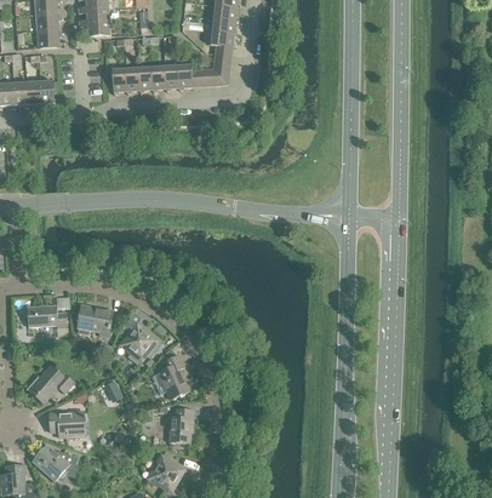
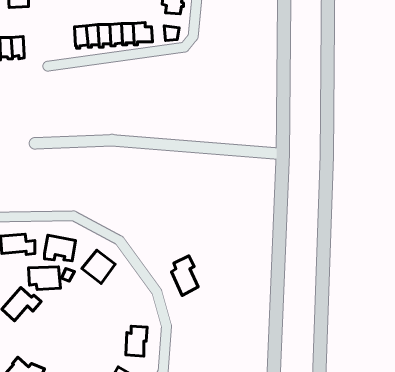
building: [158,354,188,399] -> [172,256,198,295]
building: [48,411,85,436] -> [29,267,61,289]

